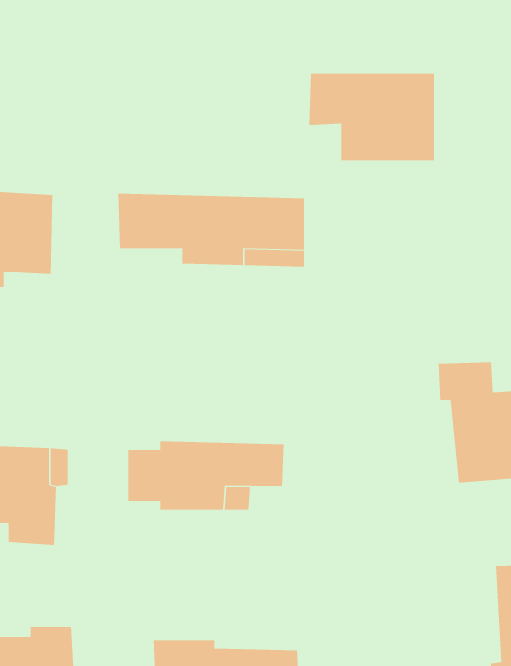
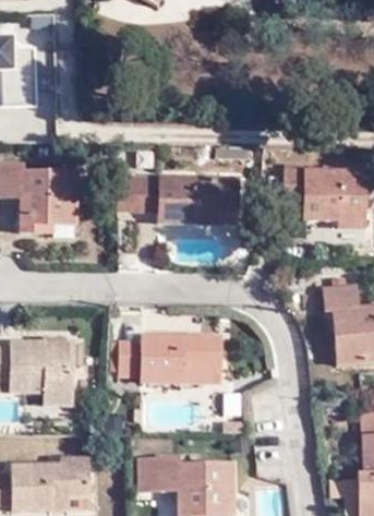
building: [308,73,435,161] -> [281,170,363,227]

